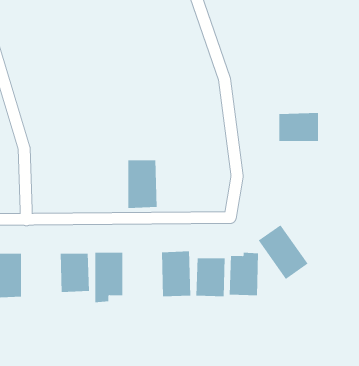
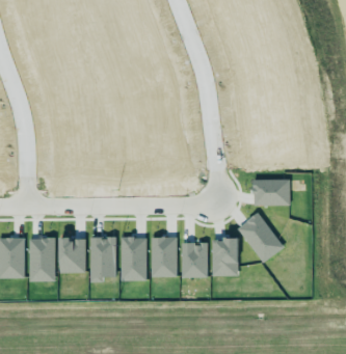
building: [278,113,319,141] -> [252,179,289,205]
building: [128,160,157,208] -> [119,237,147,280]
building: none -> [28,238,55,281]

